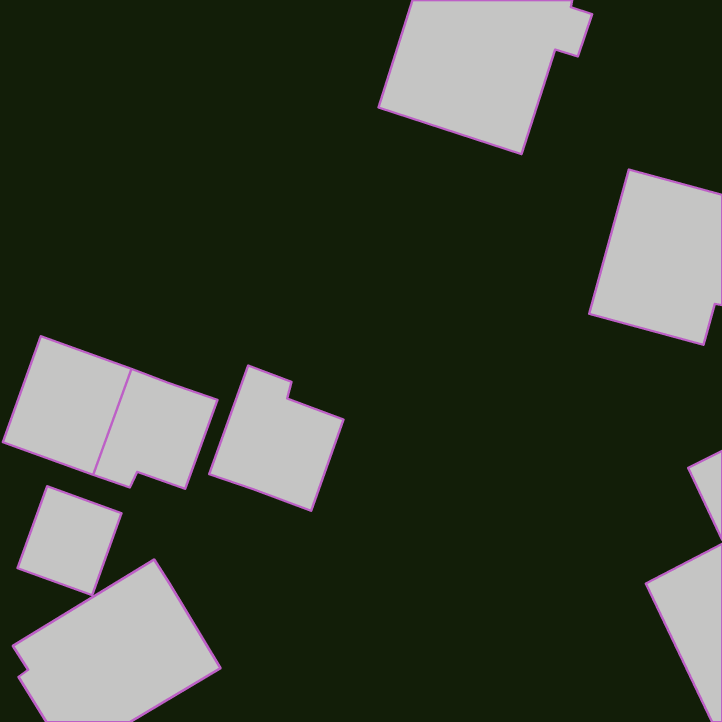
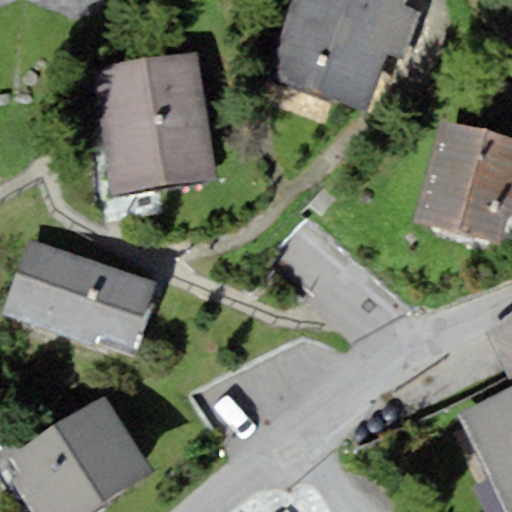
building: none -> [90,54,216,195]
building: [209,366,344,511] -> none
building: [18,486,122,595] -> none

